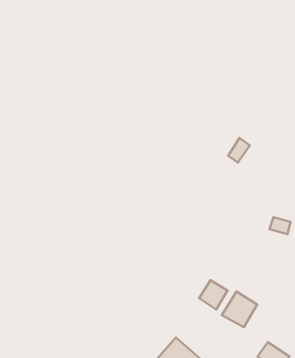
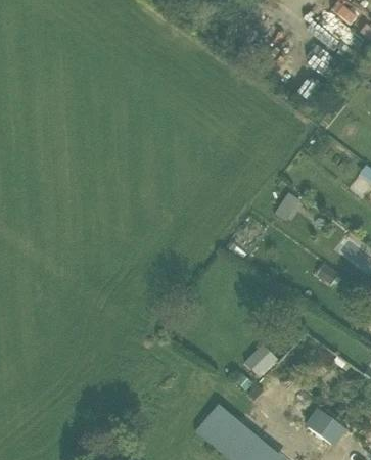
building: [222,292,257,327] -> none

